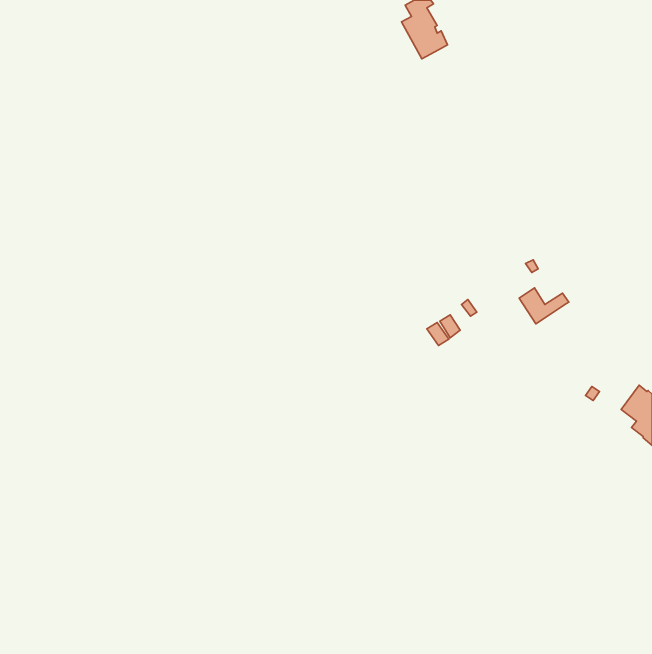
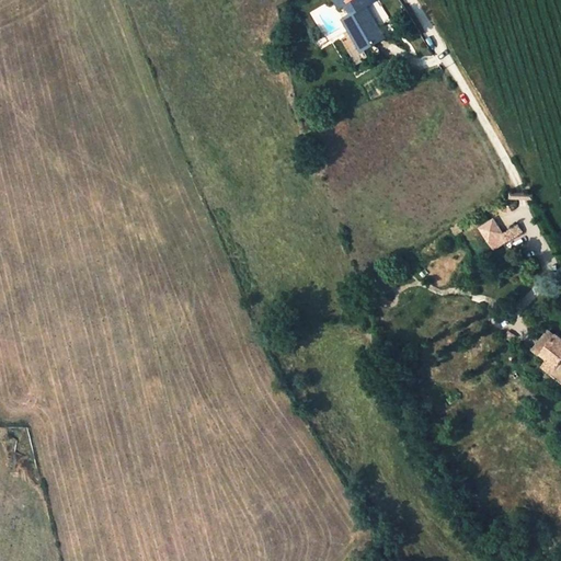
building: [519,288,569,324] -> [480,219,523,250]

